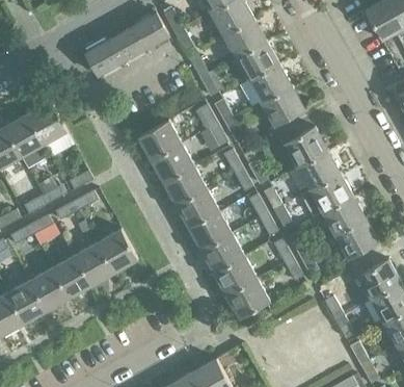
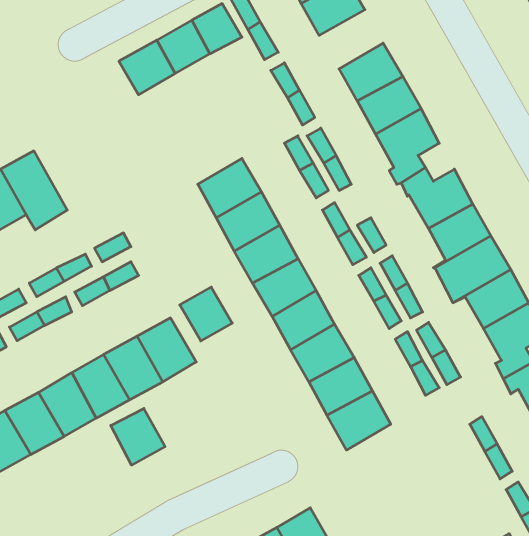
building: [221,18,265,58] -> none
building: [26,101,66,146] -> none
building: none -> [180,287,232,341]
building: none -> [111,408,165,465]

